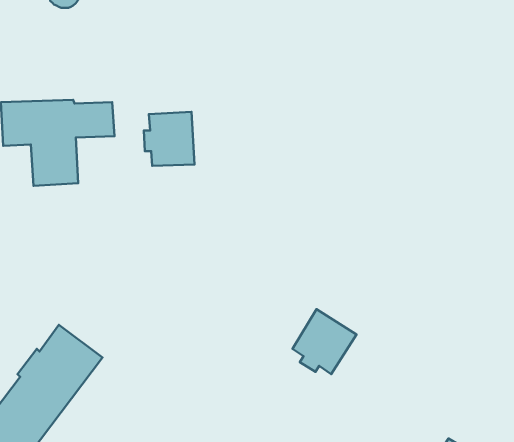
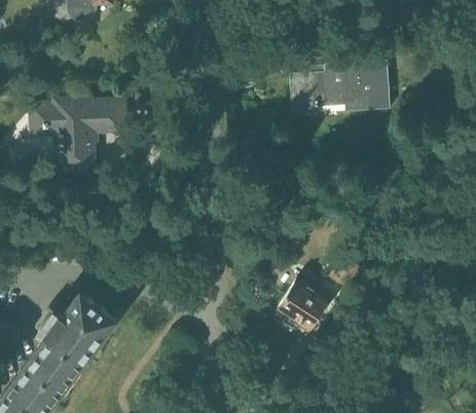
building: none -> [291,44,392,115]
building: [144,112,194,166] -> none

